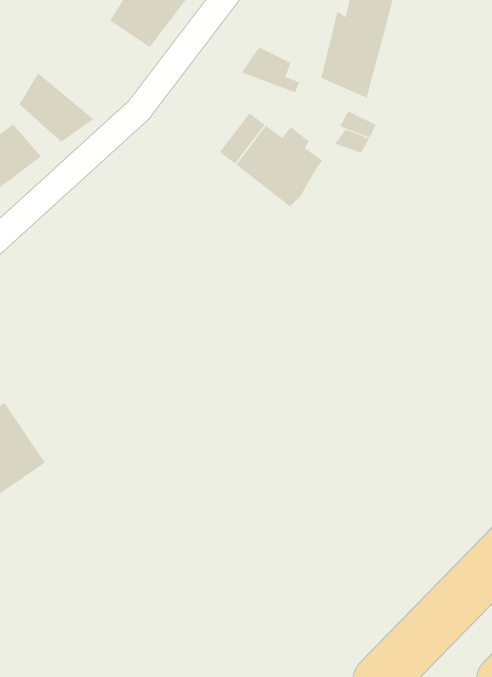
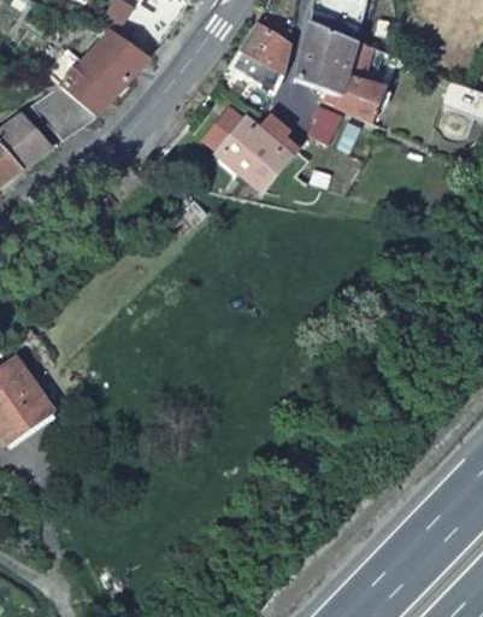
building: none -> [241,22,288,80]
building: none -> [47,25,146,112]
building: none -> [332,36,384,123]

